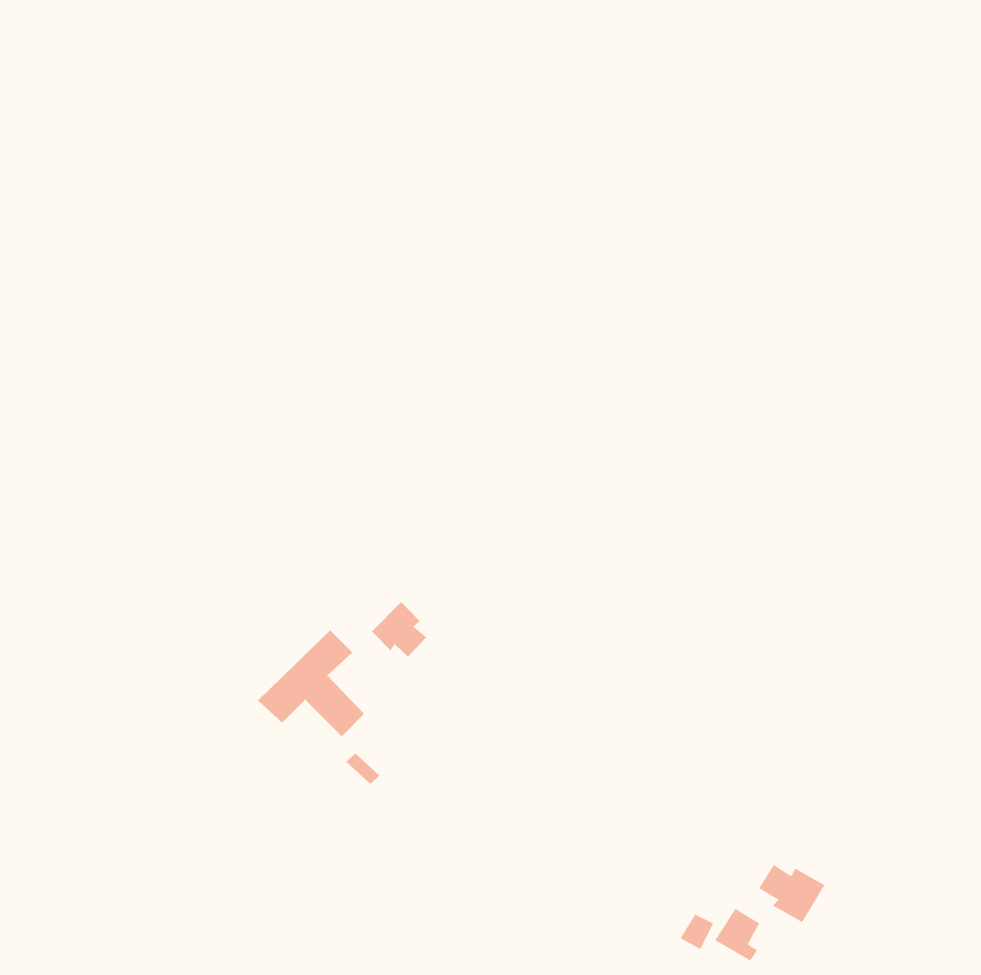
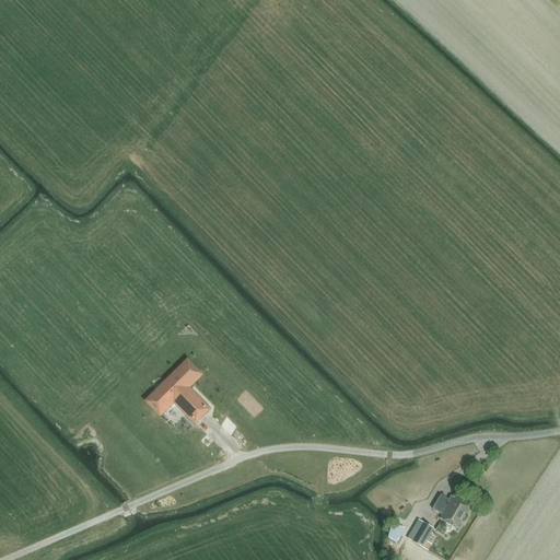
building: [371,601,427,657] -> none

